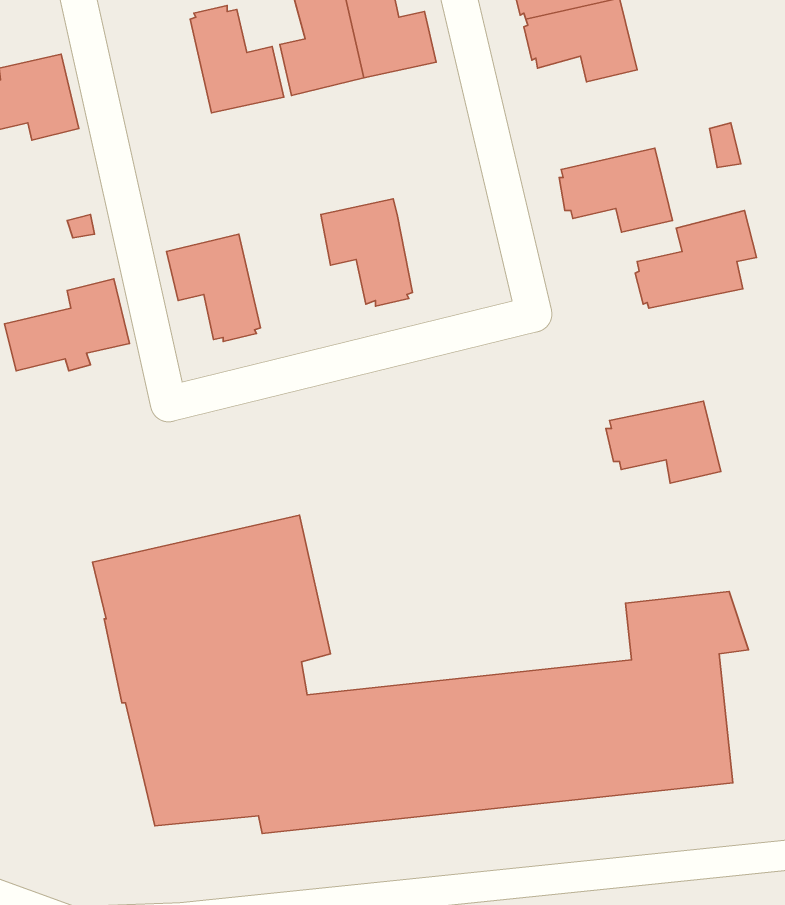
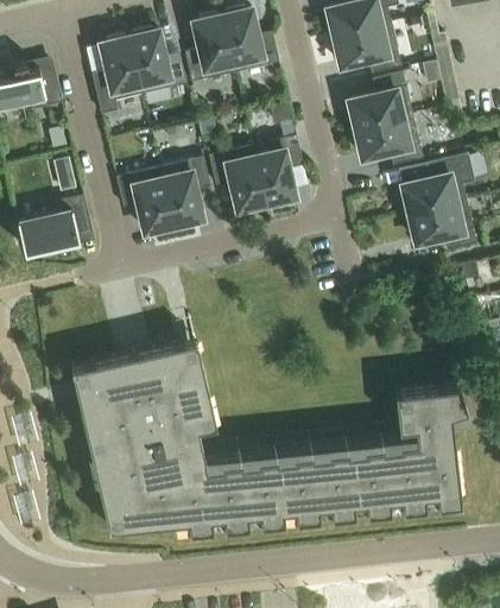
building: none -> [91,36,143,114]
building: none -> [347,72,412,128]
building: none -> [255,135,303,204]
building: none -> [159,157,210,227]
building: [606,401,721,483] -> [406,201,476,251]

